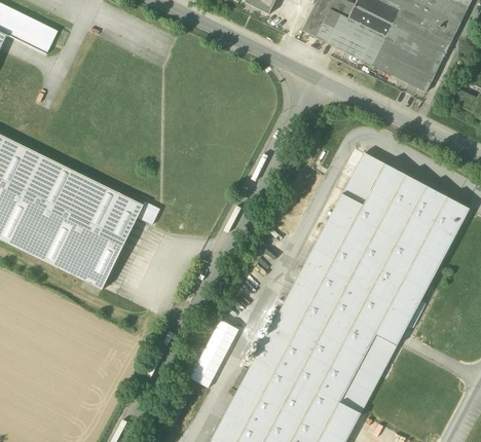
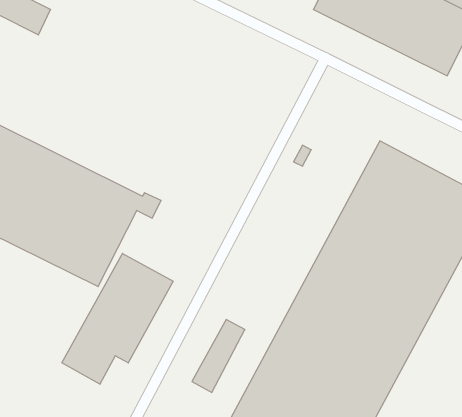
building: none -> [62,253,173,384]

